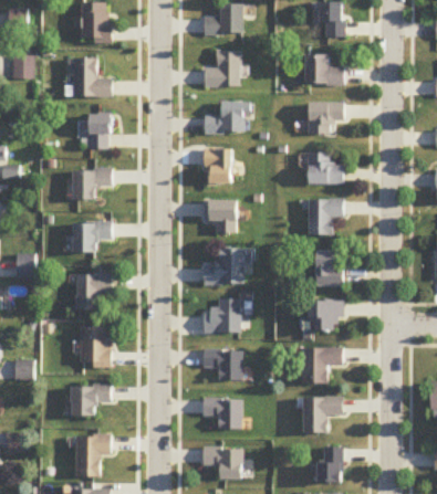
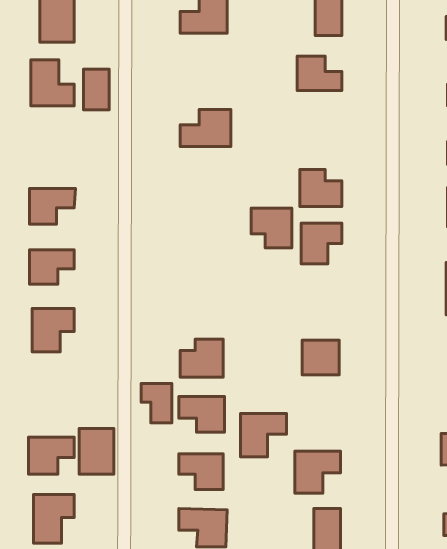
building: [205,50,241,86] -> none
building: [309,102,344,133] -> none
building: [90,114,112,149] -> [84,69,109,110]
building: [205,148,232,185] -> none
building: [202,199,238,233] -> [251,208,292,248]
building: [202,248,244,284] -> none
building: [316,250,343,285] -> none
building: [81,327,111,367] -> [79,428,114,474]
building: none -> [141,384,172,423]
building: [303,347,343,385] -> [241,414,287,457]

